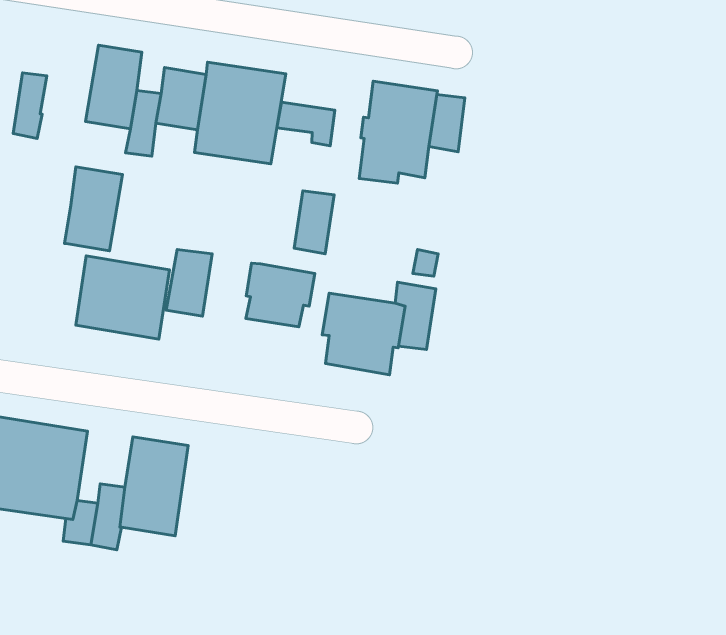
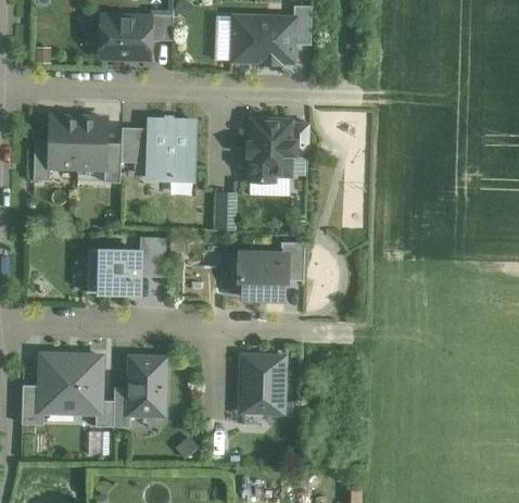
building: [277,102,335,146] -> none
building: [64,167,123,251] -> [48,117,78,166]
building: [246,263,315,327] -> none
building: none -> [240,355,283,412]

